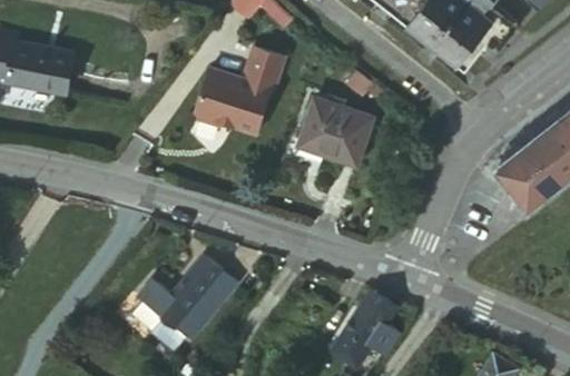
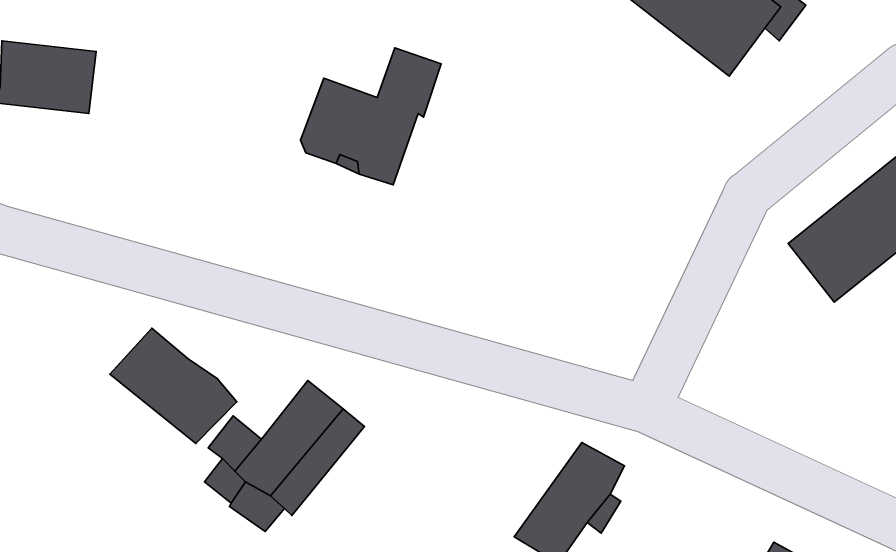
building: [296,100,373,172] -> none
building: none -> [110,328,237,443]

